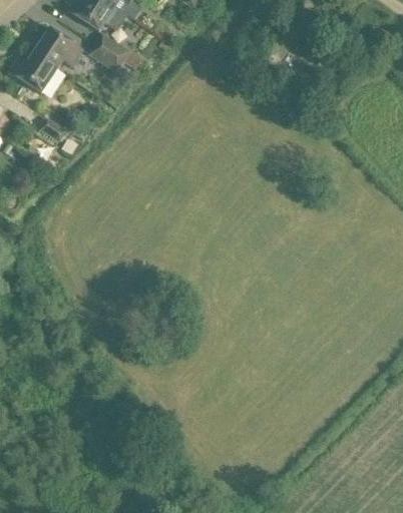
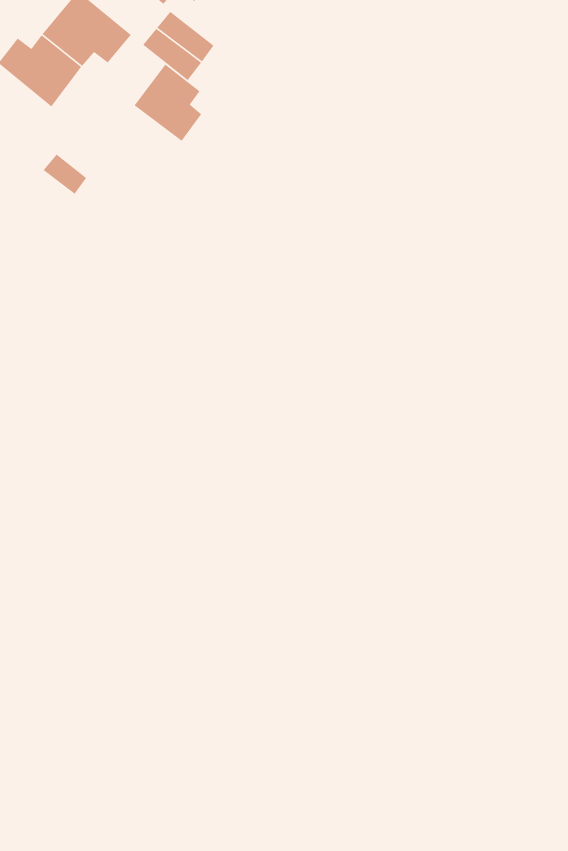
building: none -> [134,64,202,142]

